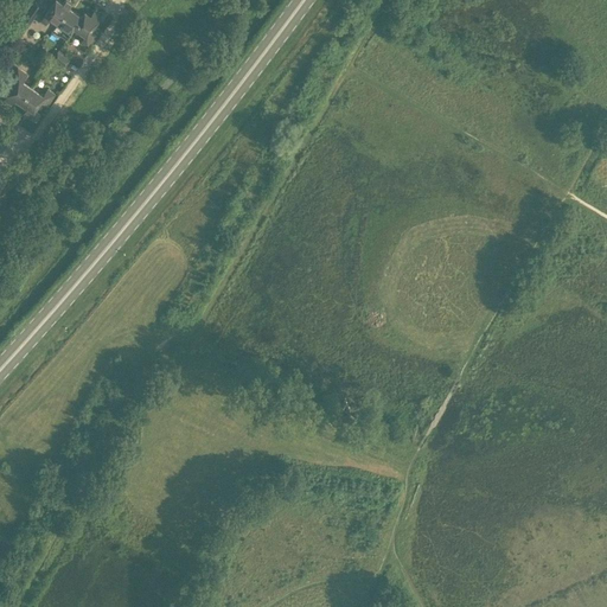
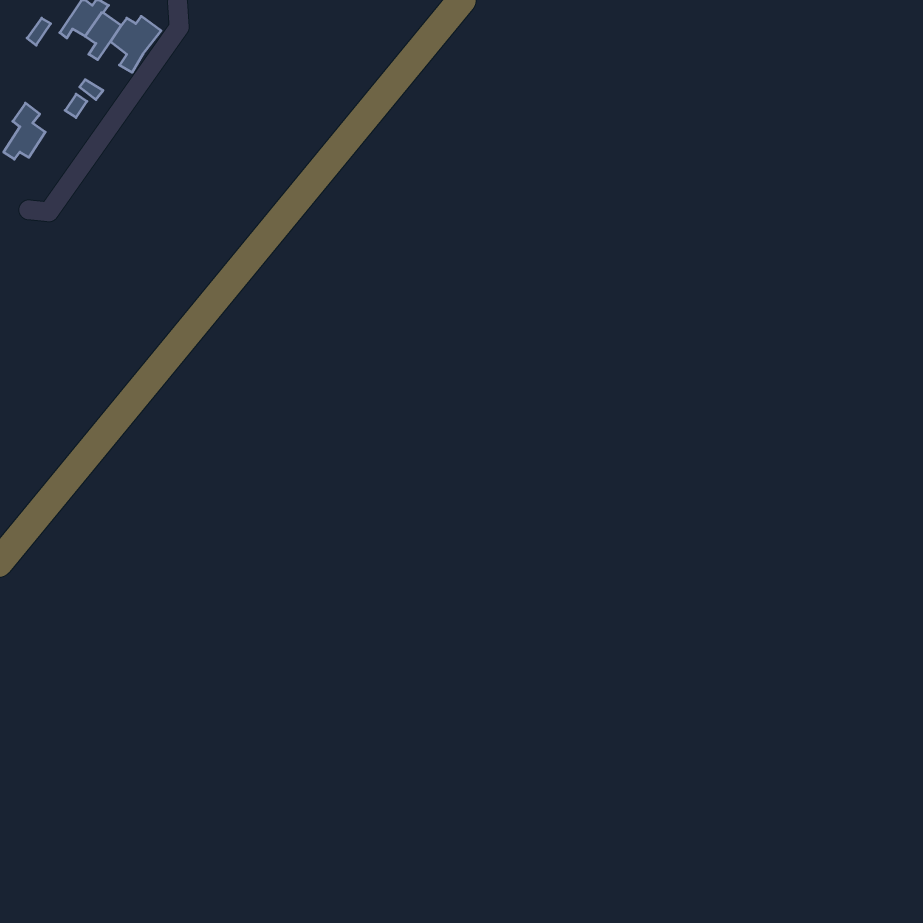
building: [19,88,53,122] -> none

